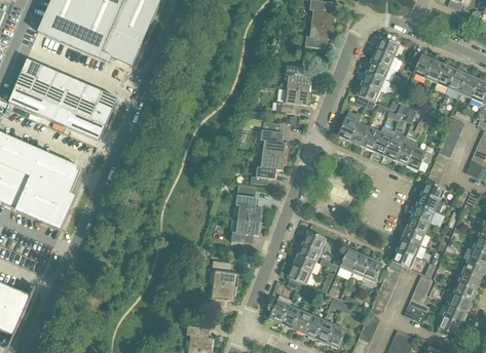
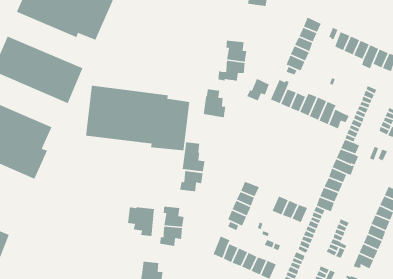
building: [304,22,333,48] -> none
building: none -> [246,78,270,102]
building: none -> [85,85,190,151]
building: [250,152,284,184] -> none
building: none -> [127,206,155,237]

